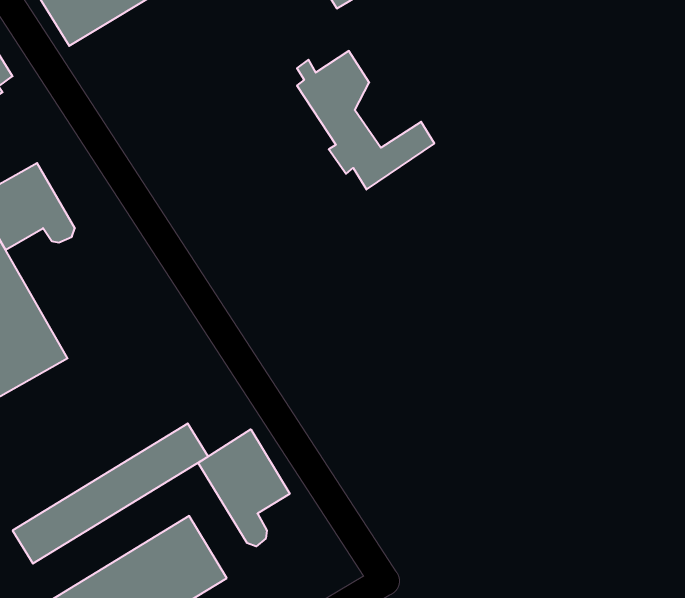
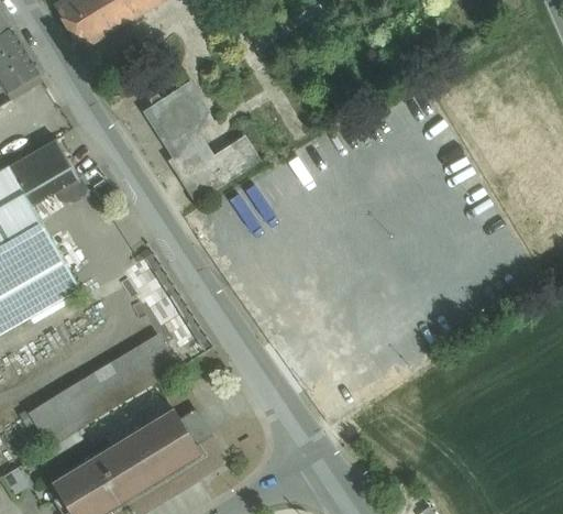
building: [297,51,434,190] -> [148,87,253,193]
building: [198,429,290,546] -> none

